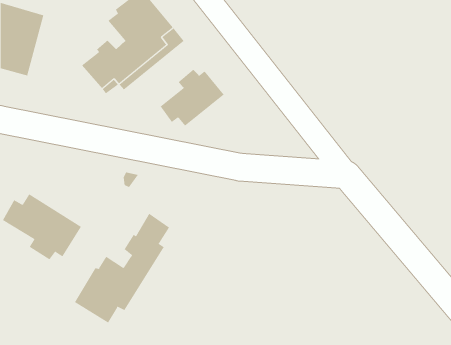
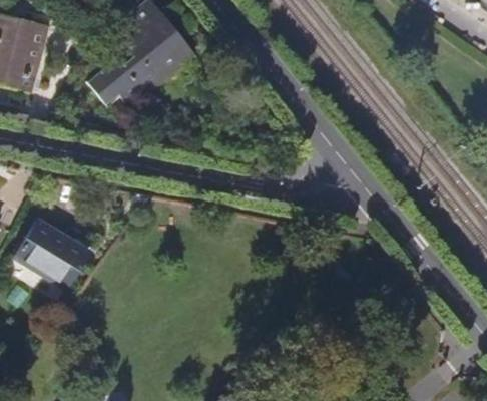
building: [160,69,224,127] -> none
building: [74,213,170,324] -> none

